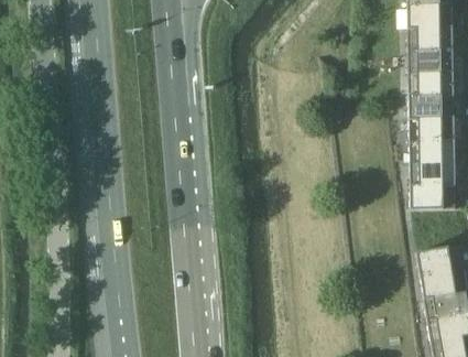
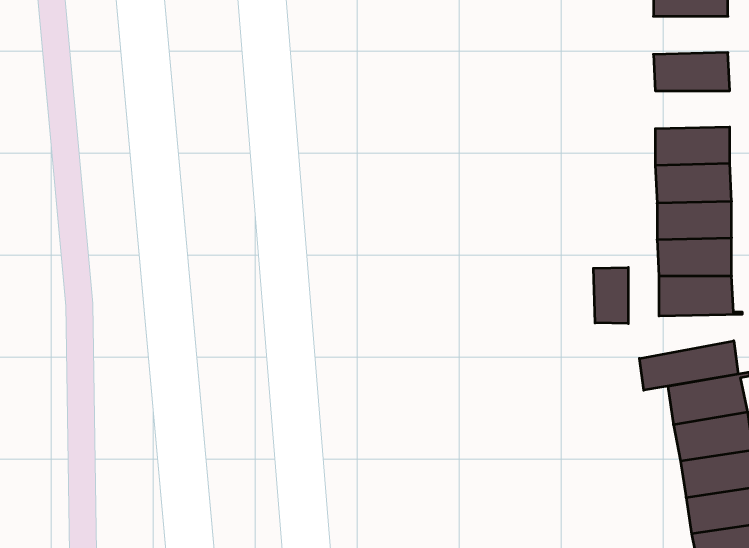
building: [406,23,451,46] -> none
building: [407,68,453,91] -> none
building: none -> [593,267,628,324]
building: none -> [639,341,738,390]

